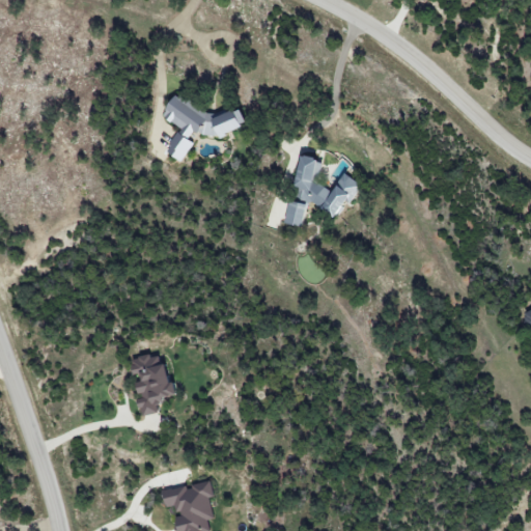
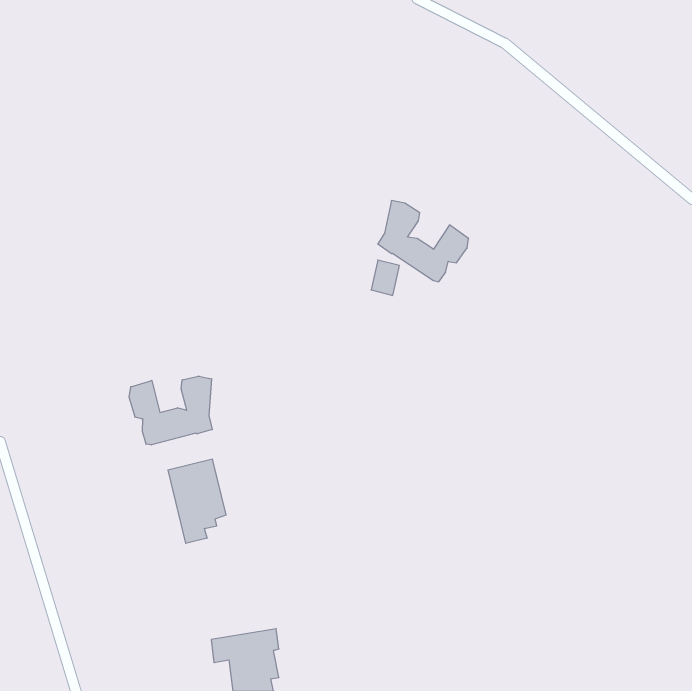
building: [162,93,244,162] -> none
building: none -> [129,376,212,445]

